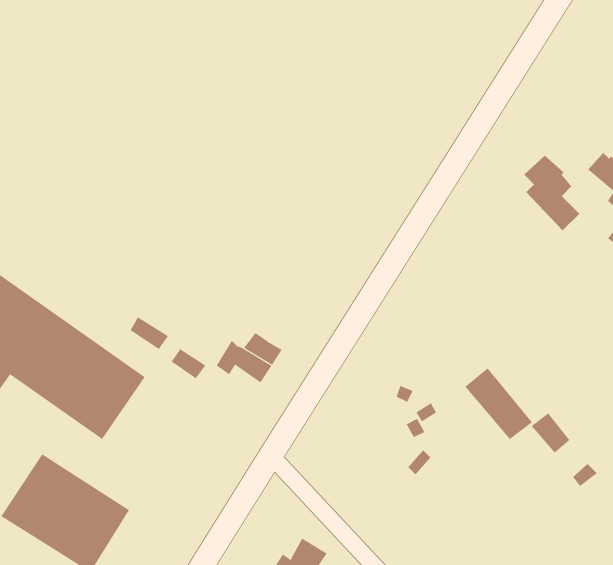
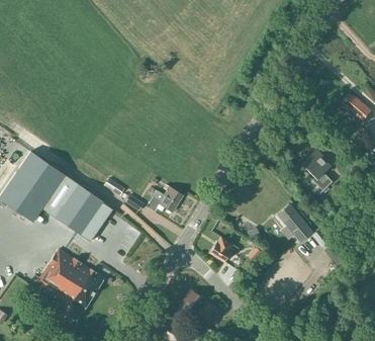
building: [523,155,580,231] -> [303,151,333,190]
building: none -> [209,237,239,262]

